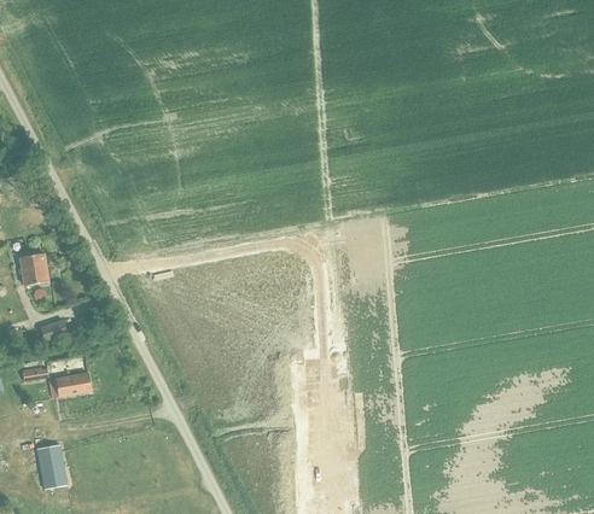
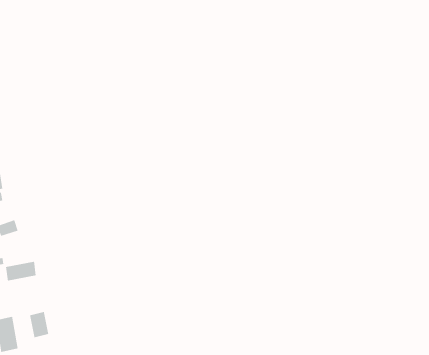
building: none -> [29,311,49,338]

